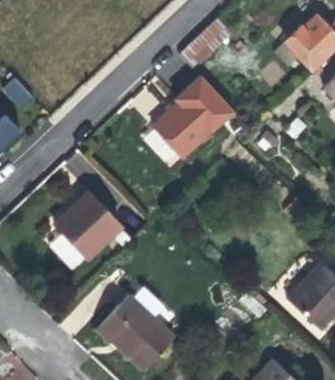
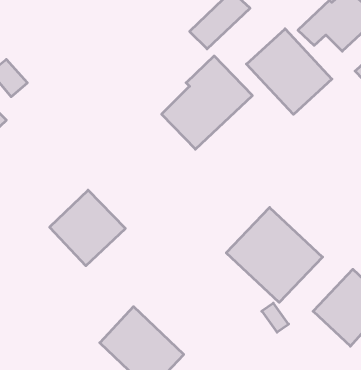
building: none -> [246,29,332,114]
building: none -> [226,207,323,302]

